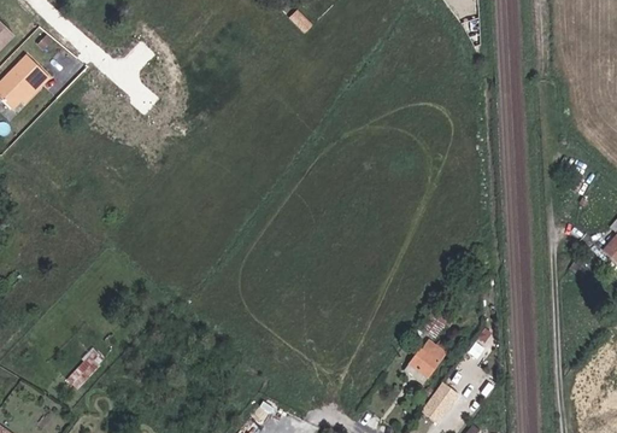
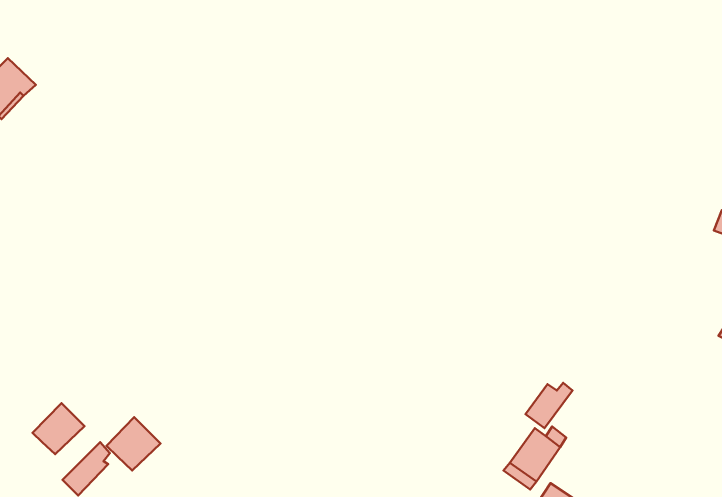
building: none -> [33,403,84,454]
building: none -> [106,417,161,471]

